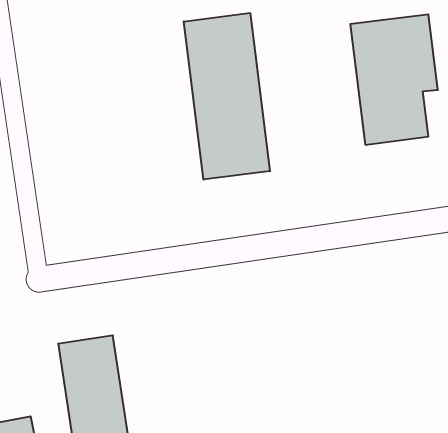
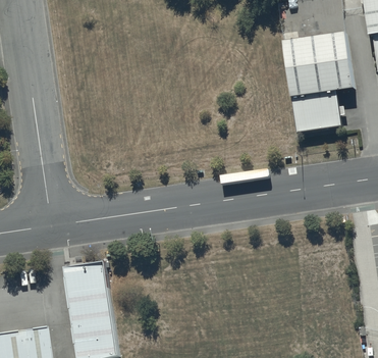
building: [184,13,270,180] -> none

